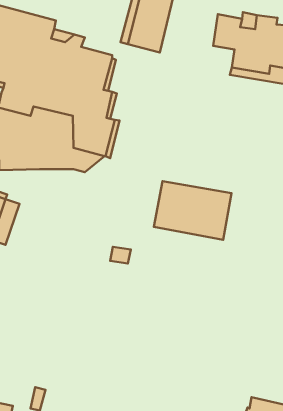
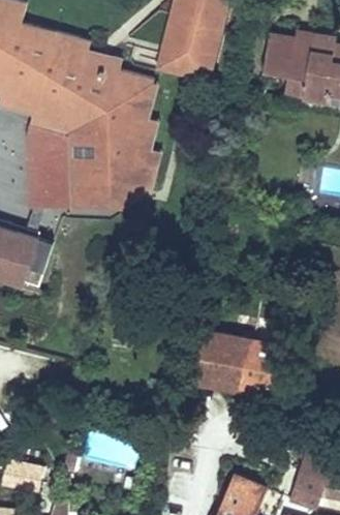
building: [154,181,232,240] -> [189,332,275,397]

